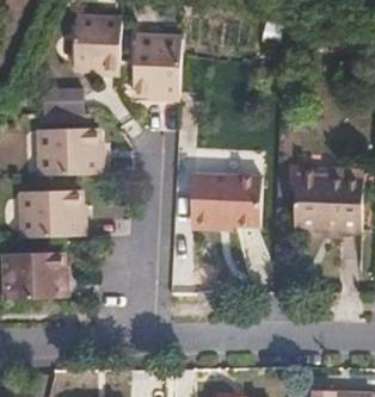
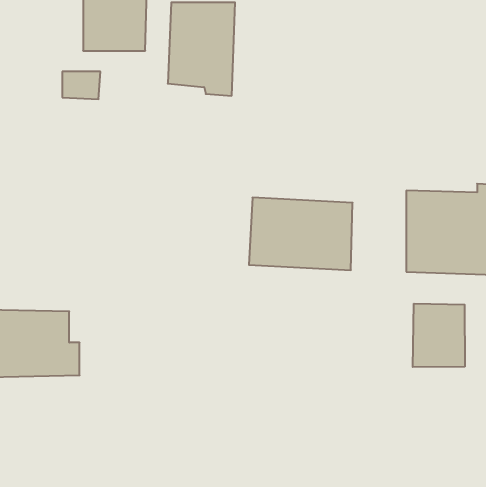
building: [38,131,103,176] -> none
building: [23,193,88,240] -> none
building: none -> [413,304,465,367]

